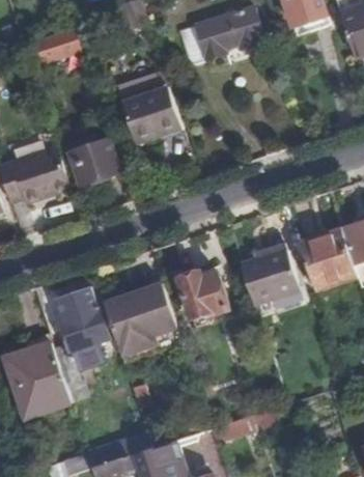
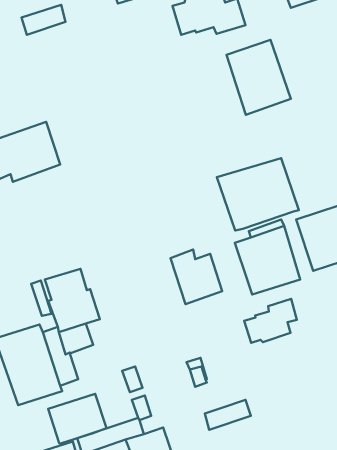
building: [118,69,180,142] -> [227,40,291,115]
building: [68,137,117,185] -> none
building: none -> [217,158,299,230]
building: [103,283,176,354] -> none
building: none -> [244,299,297,343]
building: none -> [48,394,106,443]

